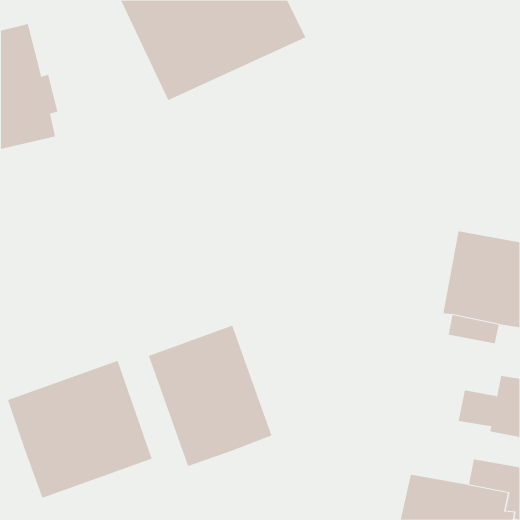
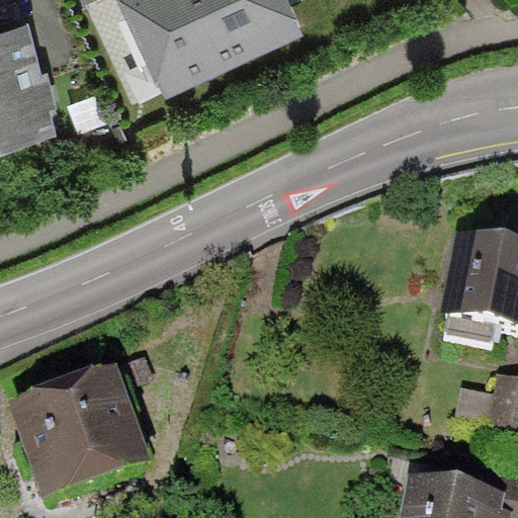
building: [148,325,272,467] -> none

